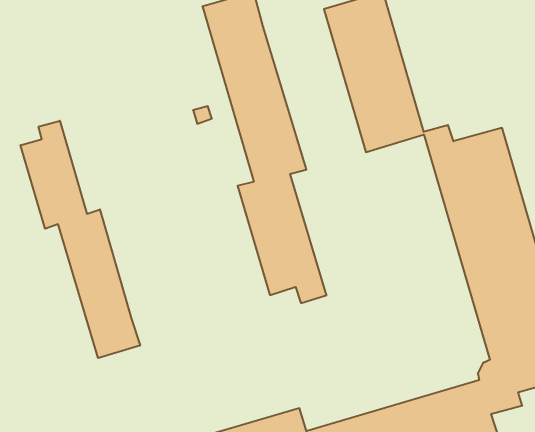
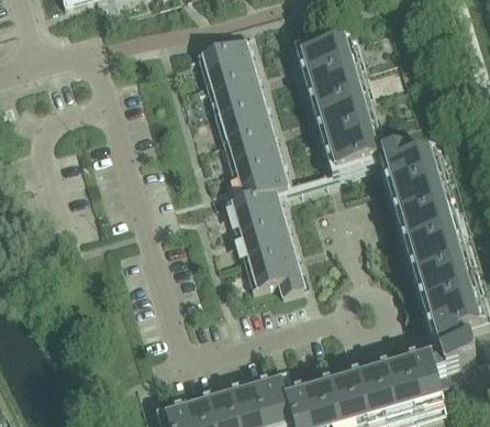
building: [21,121,140,358] -> none

